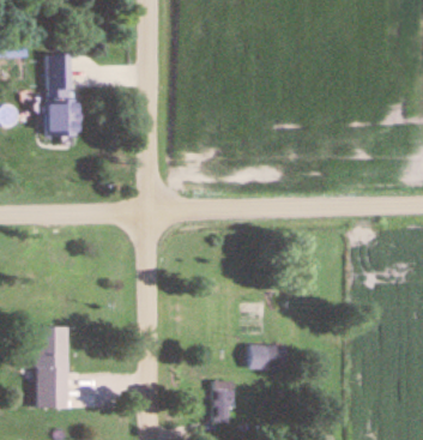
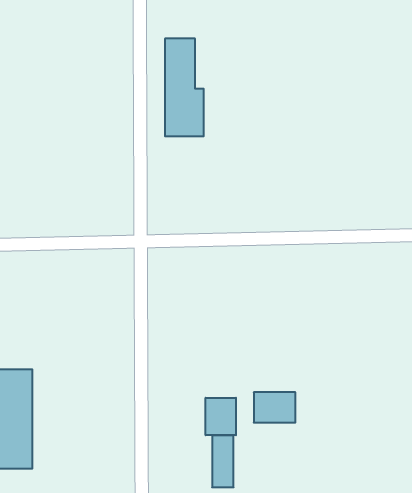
building: [44,55,77,137] -> [165,39,204,136]
building: none -> [206,398,236,435]

